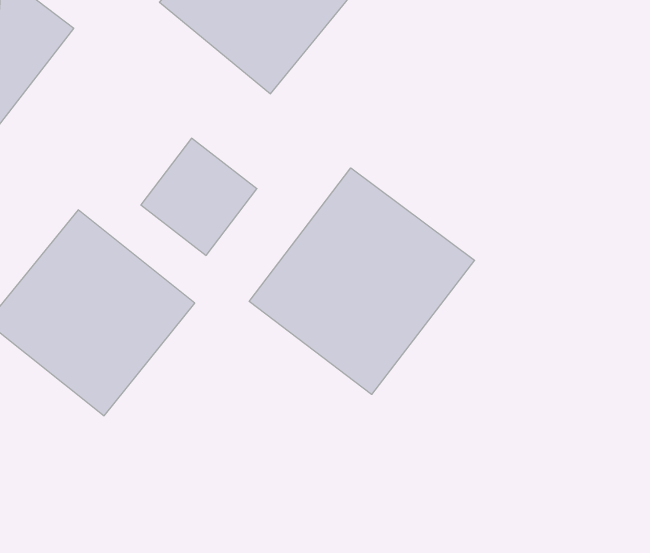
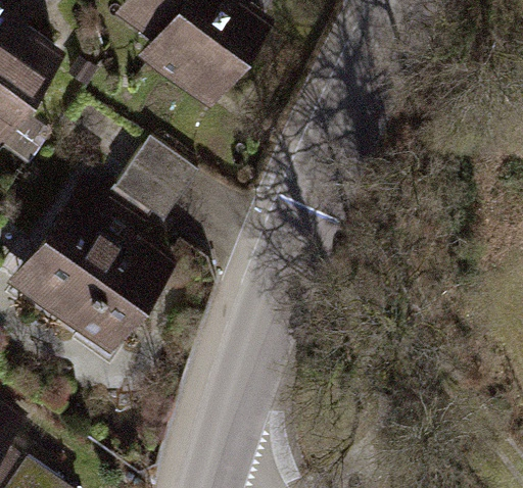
building: [249,168,475,394] -> none

